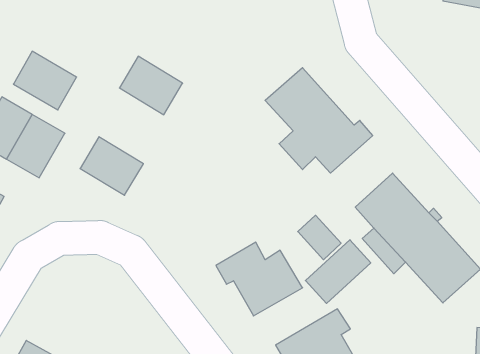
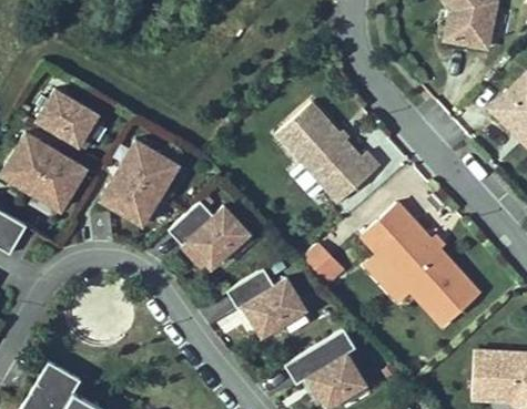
building: [119,56,183,115] -> [118,140,178,195]
building: none -> [170,204,253,272]
building: [305,240,371,303] -> none

